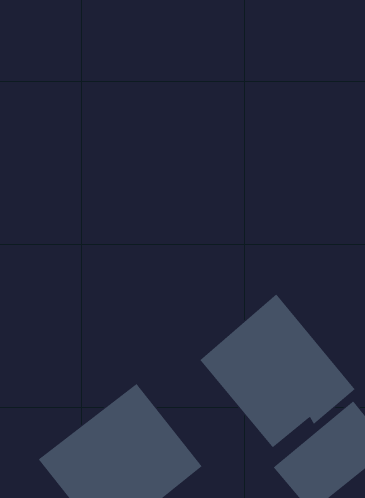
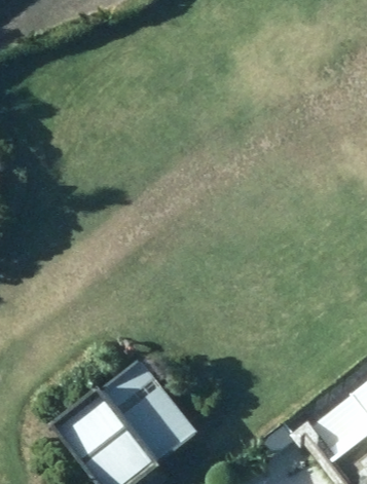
building: [200,294,355,448] -> none

